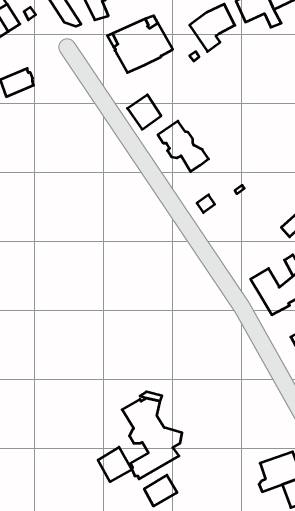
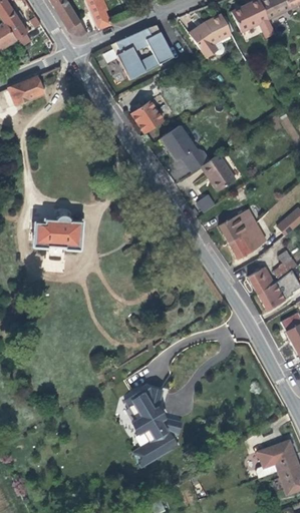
building: none -> [200,155,234,192]
building: none -> [220,208,266,260]
building: none -> [31,215,82,261]
building: [98,447,132,482] -> none
building: [144,475,177,506] -> none

